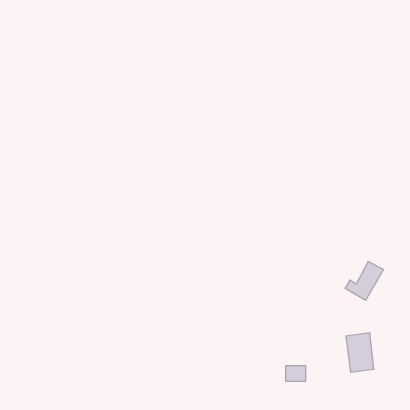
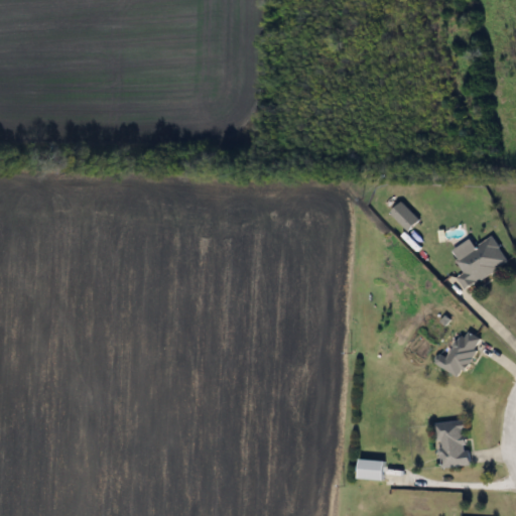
building: none -> [389,202,417,231]
building: none -> [455,235,508,288]

